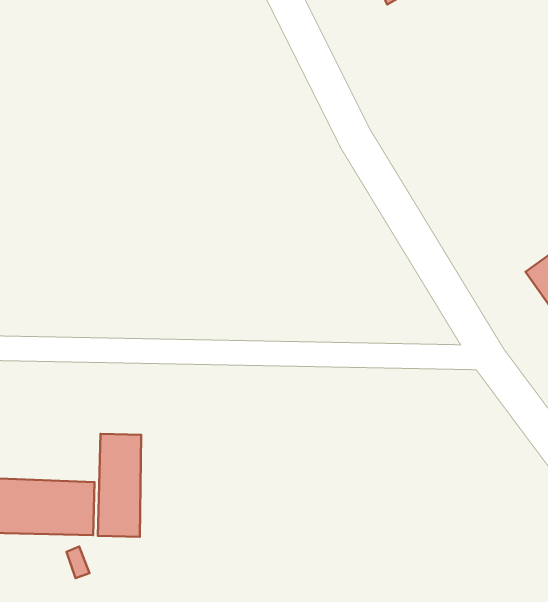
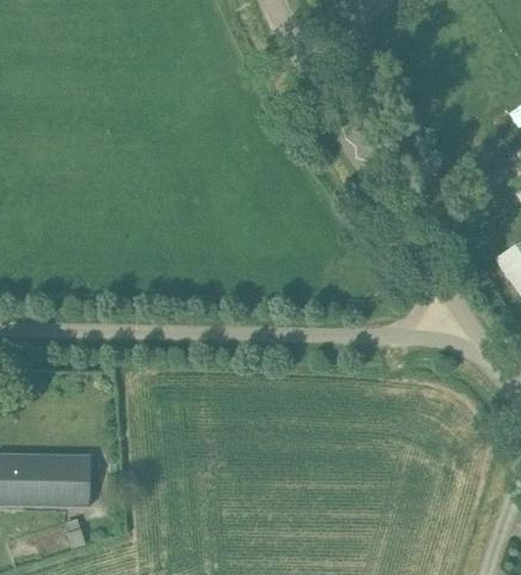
building: [98,434,141,537] -> none

